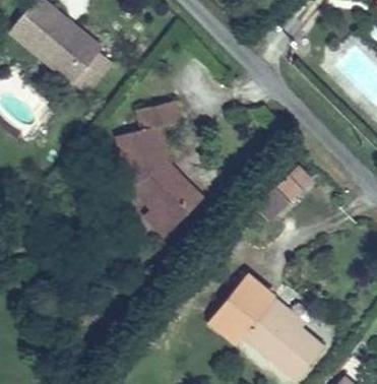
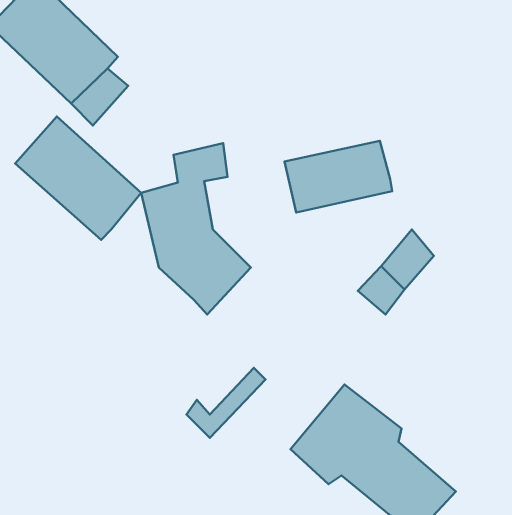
building: none -> [15,116,141,240]
building: none -> [285,141,392,213]
building: [142,190,197,239] -> [186,368,265,438]

